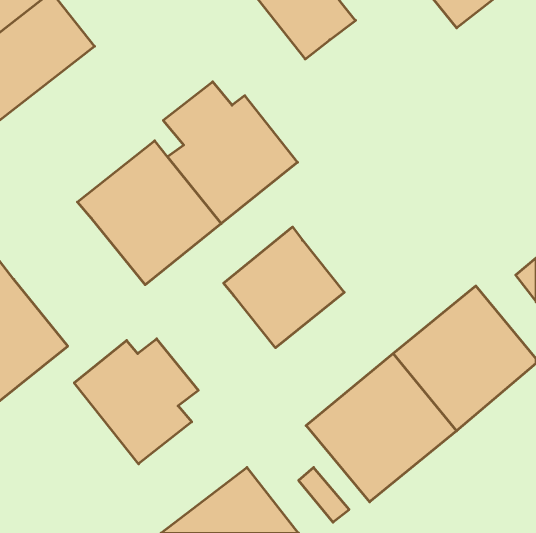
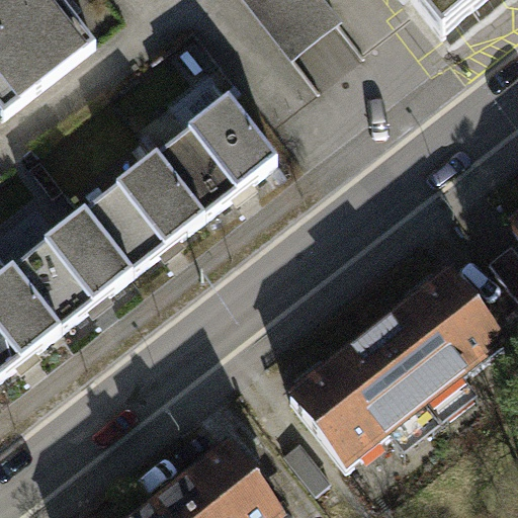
building: none -> [13,205,137,326]
building: [224,227,344,348] -> none
building: [74,339,198,464] -> none

